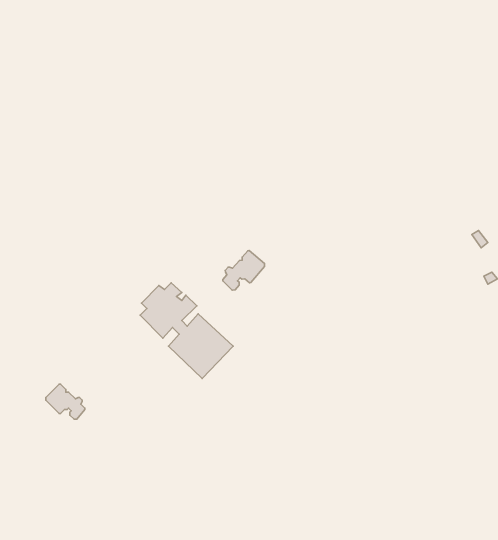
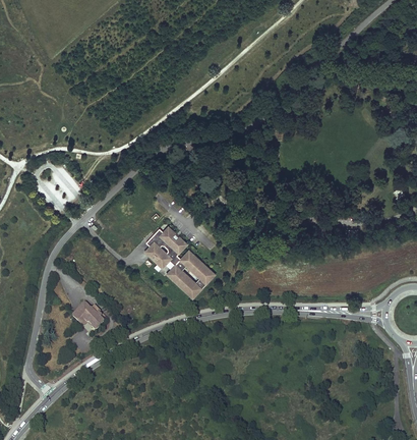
building: [223,251,265,290] -> none

